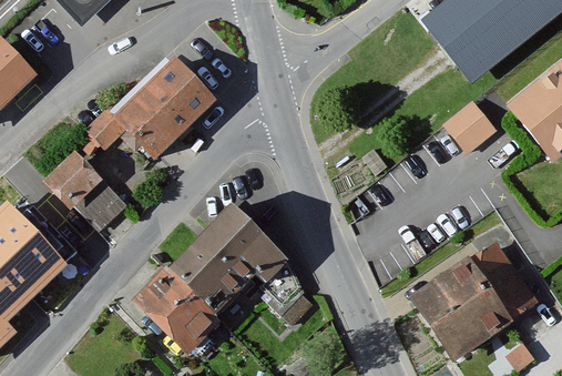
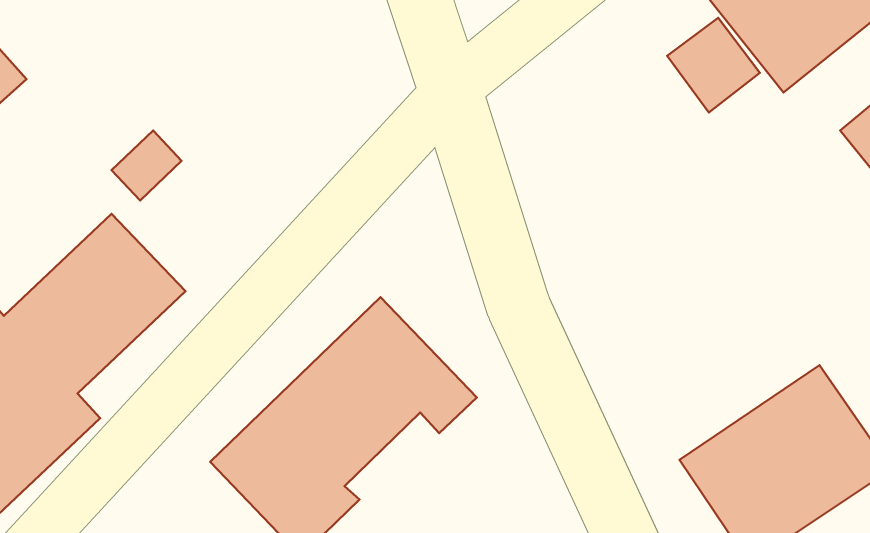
building: [120,62,211,152] -> none
building: [441,98,495,153] -> [667,18,760,113]

